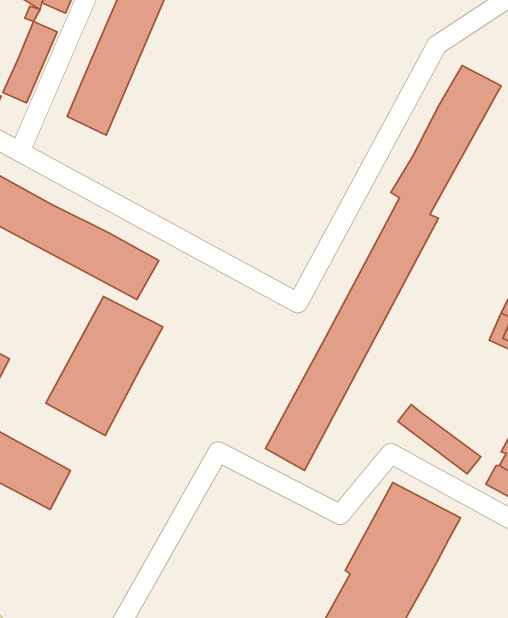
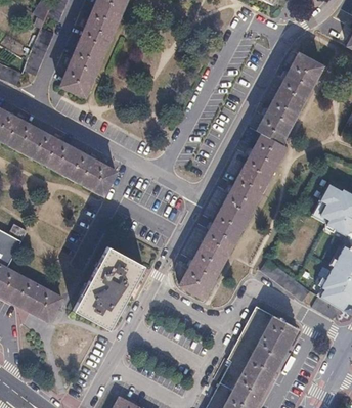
building: [46,296,163,435] -> [73,248,143,332]

